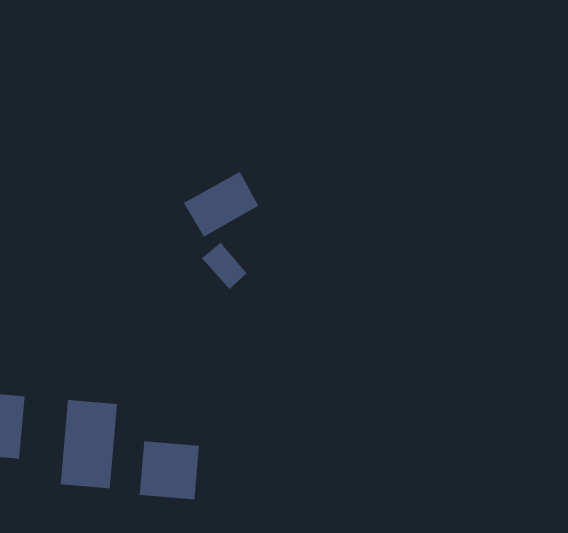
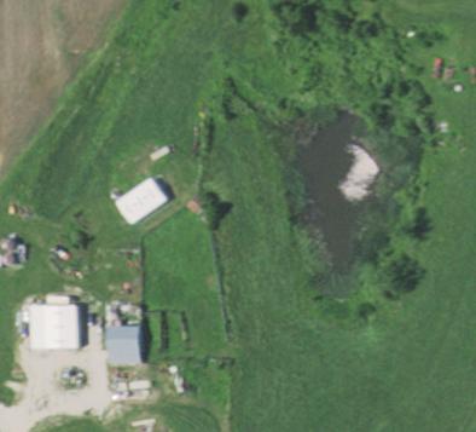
building: [183,171,259,237] -> [117,177,168,223]
building: [139,440,199,500] -> none

